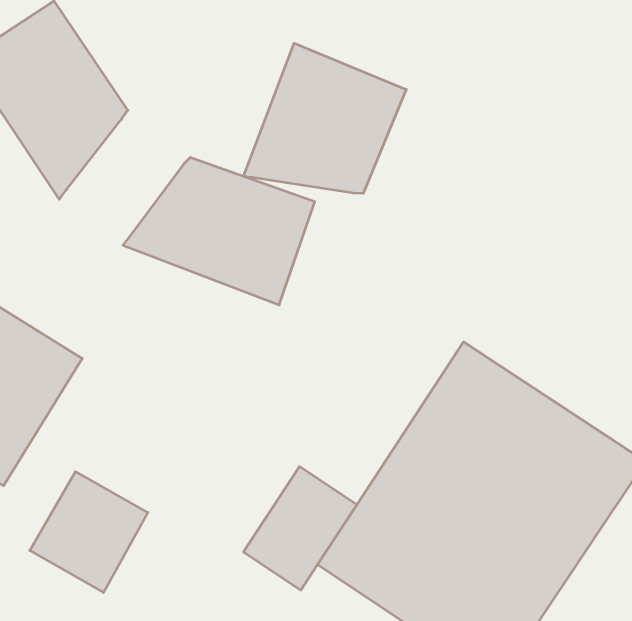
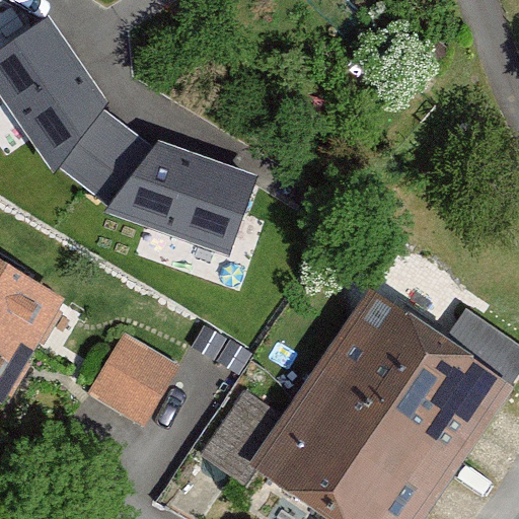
building: [243,43,406,193] -> none
building: none -> [56,107,149,203]
building: [30,472,148,593] -> [87,331,181,428]

